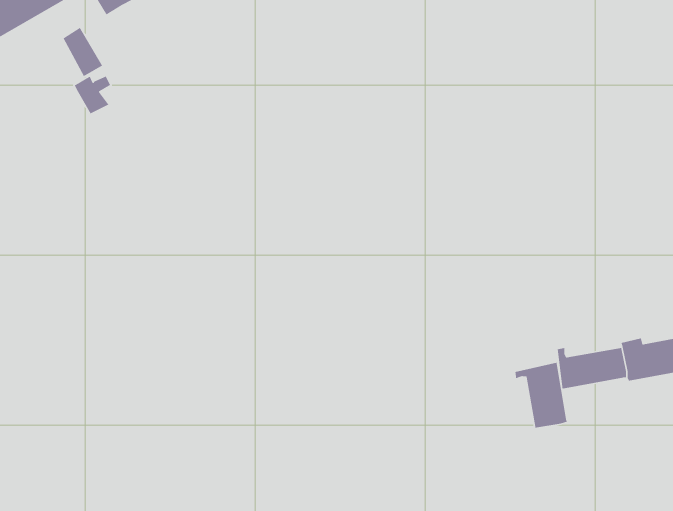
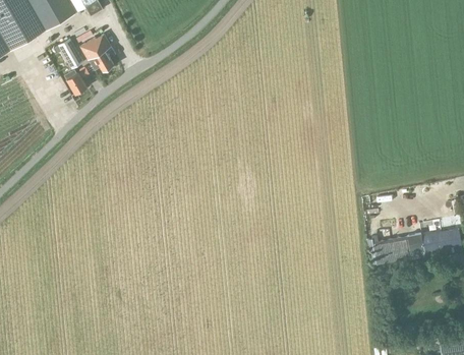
building: none -> [80,33,114,71]
building: [514,362,568,428] -> none

